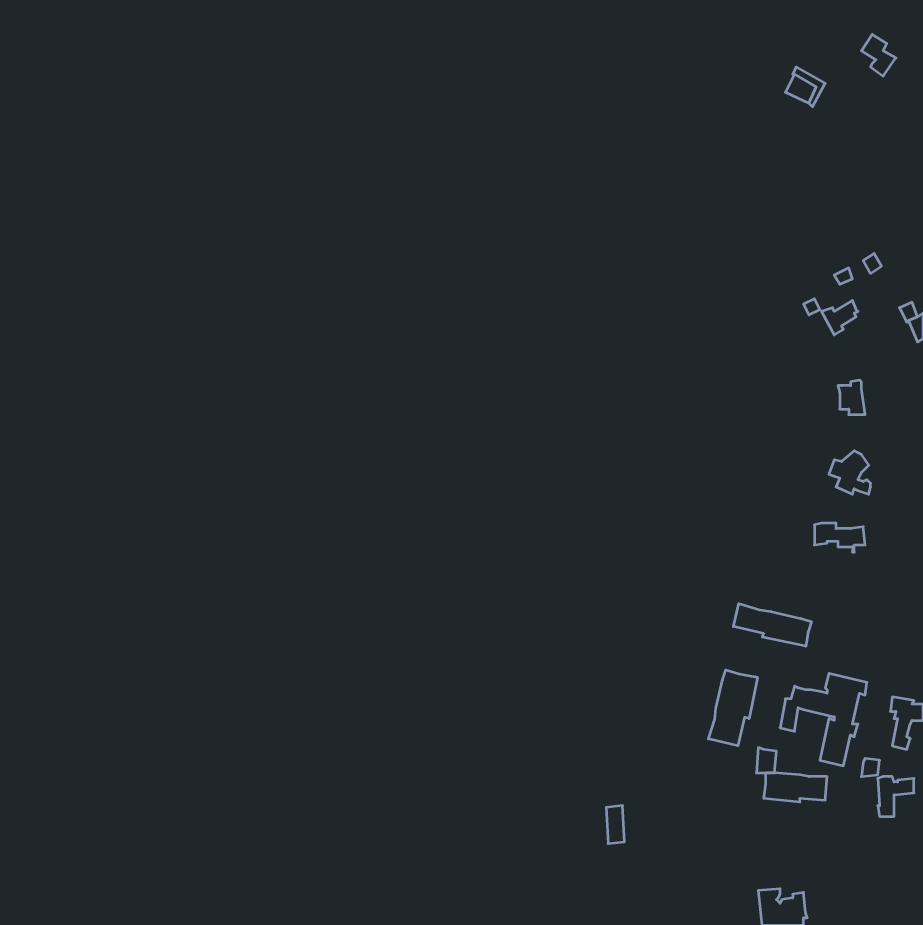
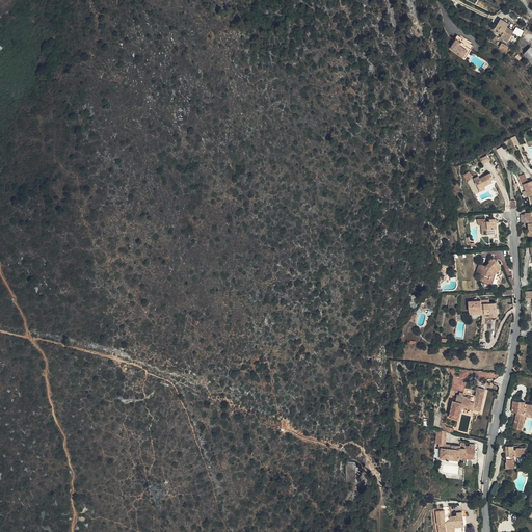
building: [733,604,811,646] -> none
building: [708,670,757,746] -> none

